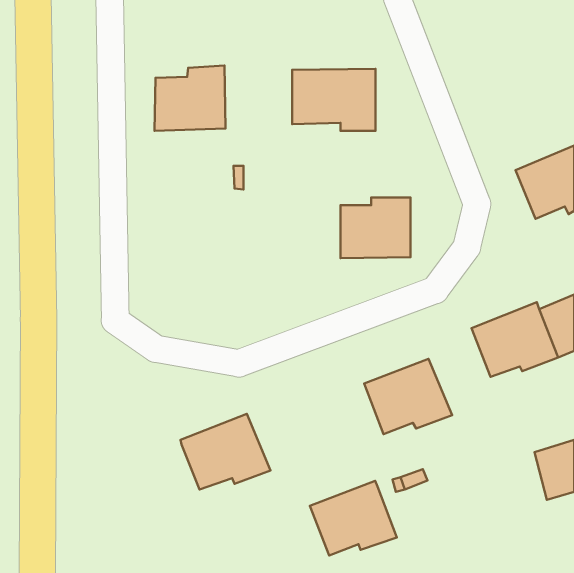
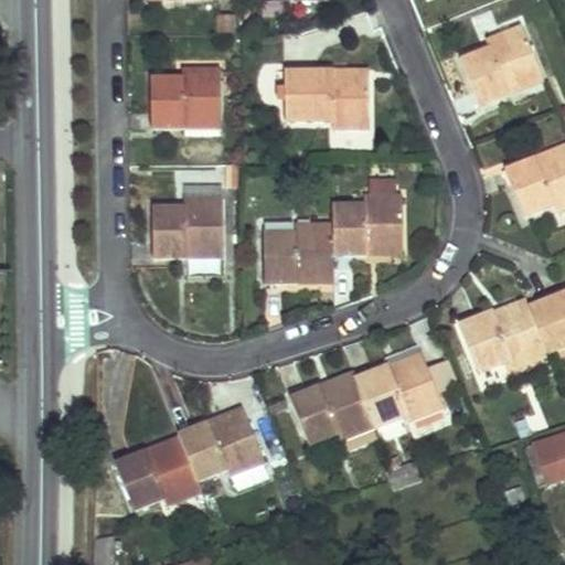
building: none -> [459,22,543,106]
building: none -> [154,196,222,257]
building: none -> [264,221,334,282]
building: none -> [115,435,200,507]
building: [310,481,397,555] -> [290,370,375,443]

